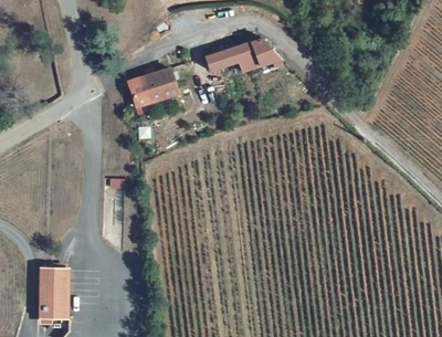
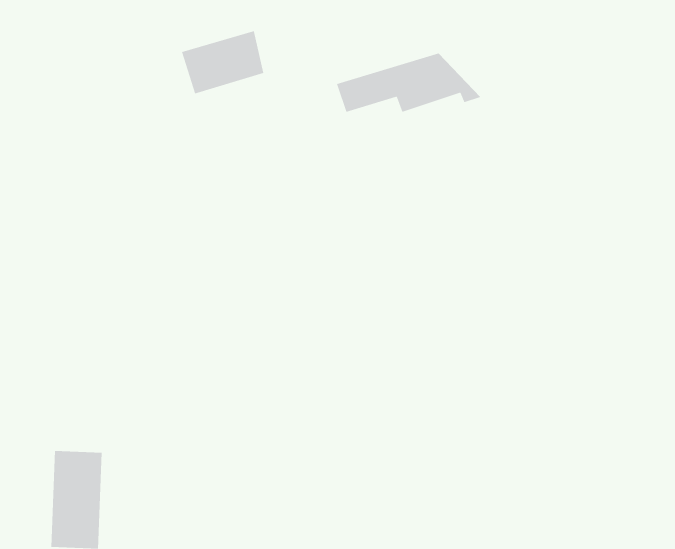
building: [124,69,171,105] -> [181,31,264,94]

